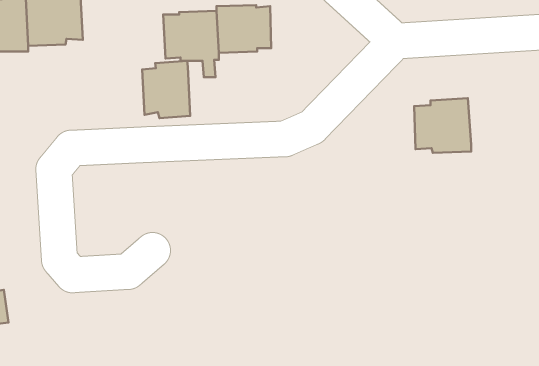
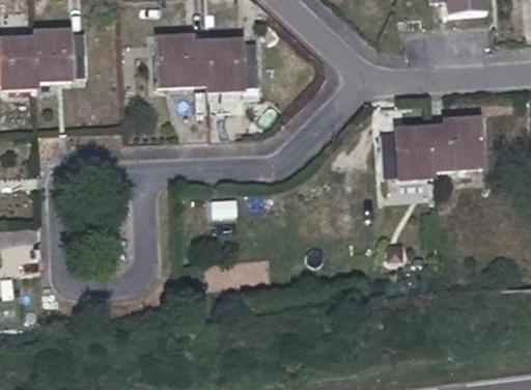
building: [142,61,190,118] -> none
building: none -> [430,116,482,166]

